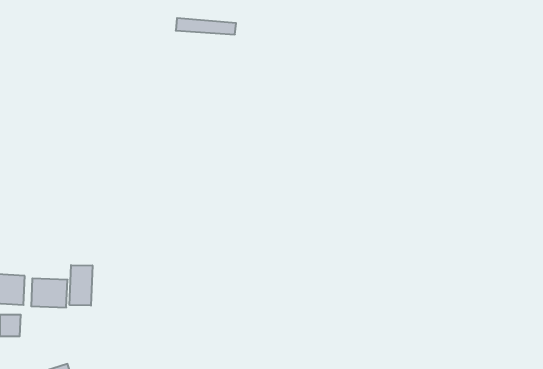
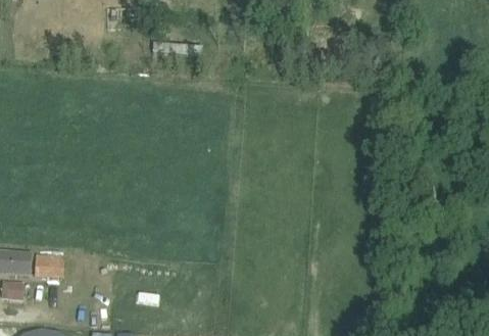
building: [70,265,92,306] -> none

